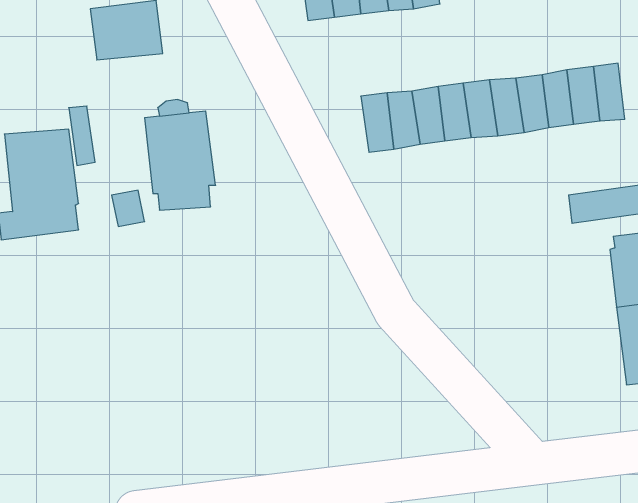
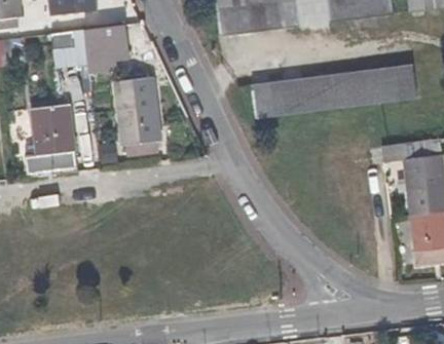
building: none -> [57,29,87,65]

